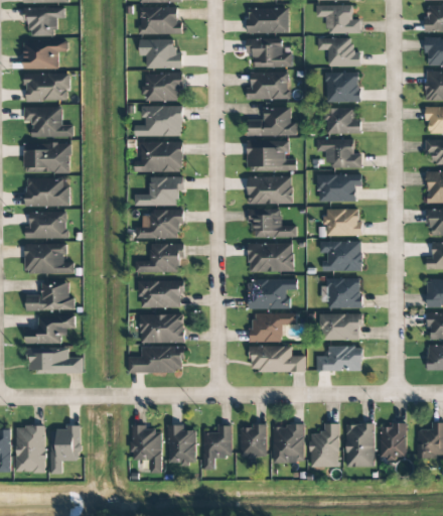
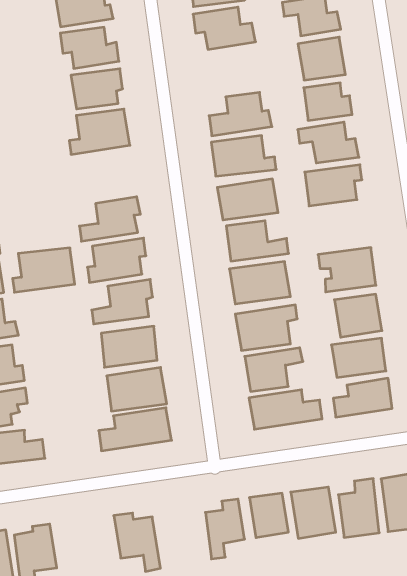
building: [246,72,289,99] -> none
building: [134,141,182,171] -> [13,248,75,292]
building: [325,209,360,236] -> none
building: [168,425,196,464] -> none

